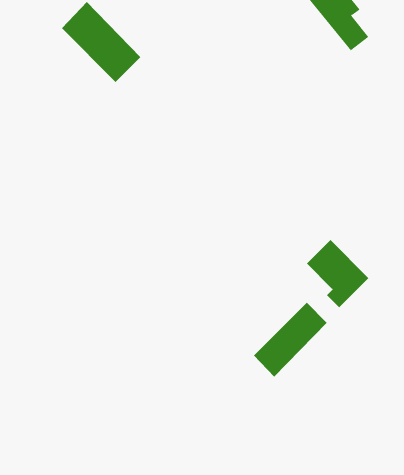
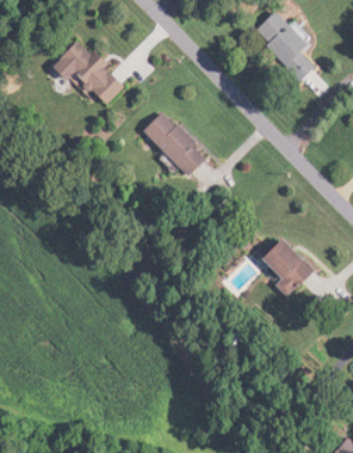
building: none -> [142,111,208,176]
building: [253,302,328,378] -> none

